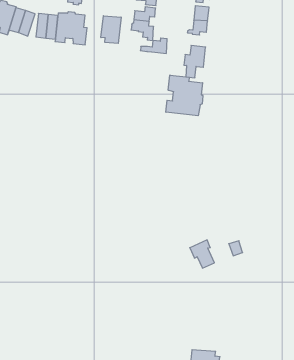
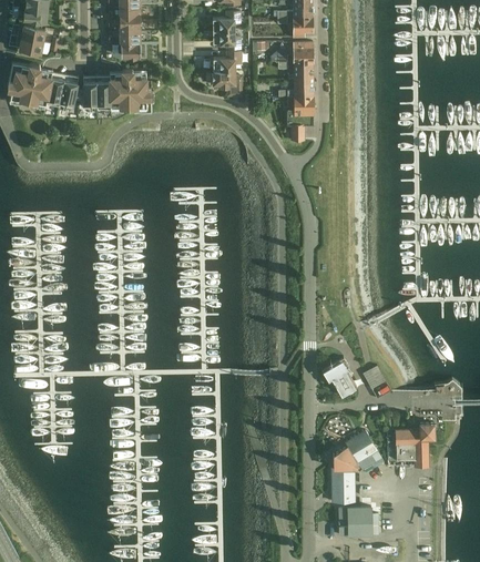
building: [101,16,121,43] -> none
building: [140,38,167,53] -> [277,76,313,96]
building: [166,75,203,116] -> none
building: none -> [386,422,432,464]
building: none -> [330,430,380,501]

